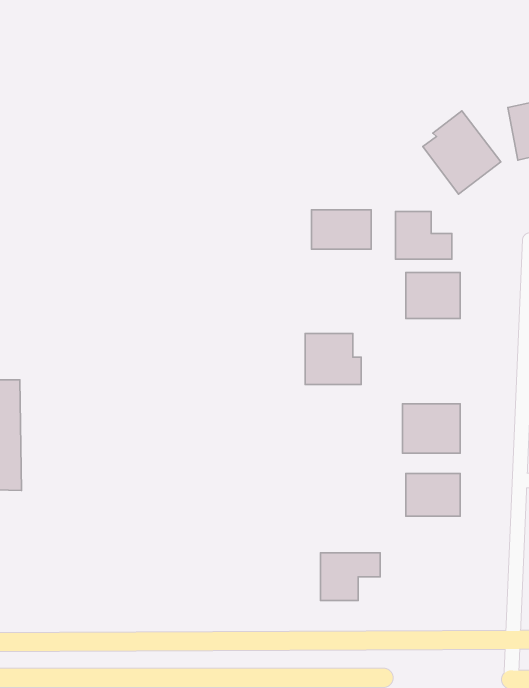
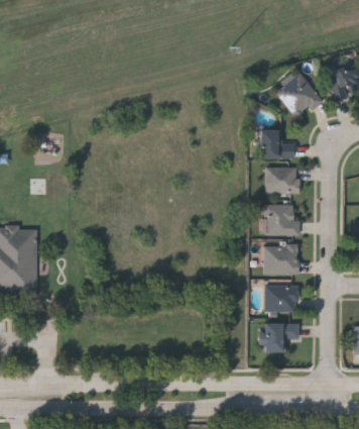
building: [312,210,371,249] -> none
building: [305,333,361,384] -> [265,205,298,235]
building: [321,553,380,601] -> [262,324,297,352]

